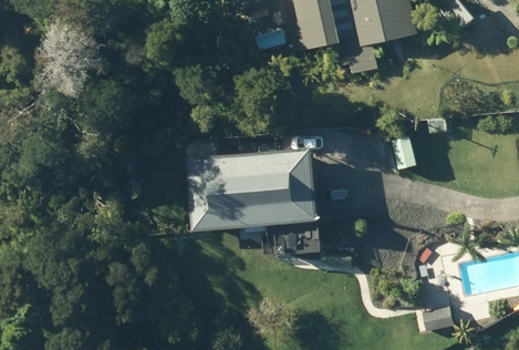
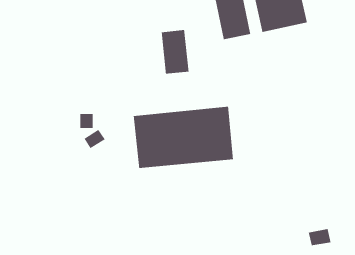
building: none -> [161,29,189,75]

